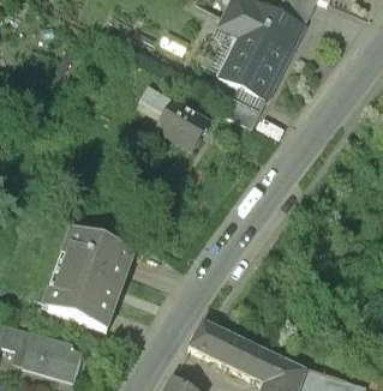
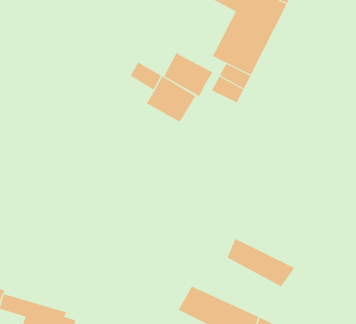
building: none -> [163,52,213,97]
building: [47,231,133,329] -> none
building: none -> [227,238,294,287]

